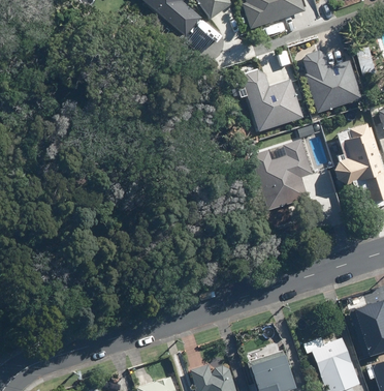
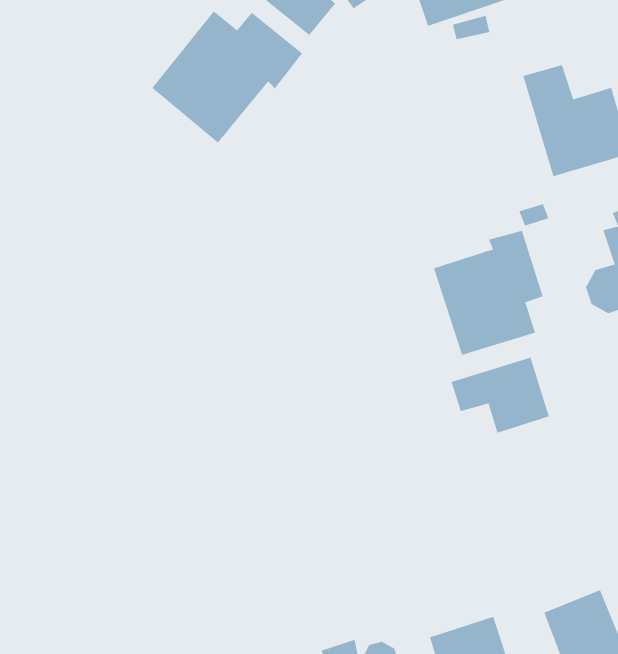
building: none -> [152,11,303,144]
building: [239,52,298,129] -> none
building: none -> [451,357,550,434]

